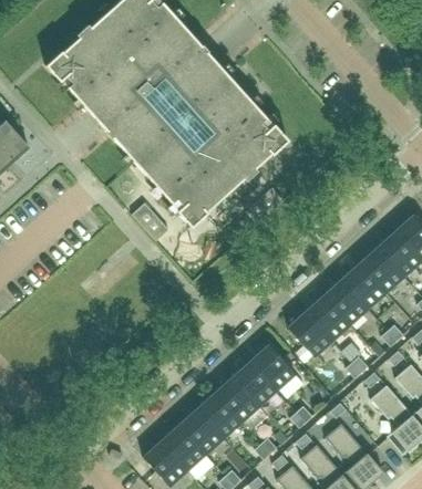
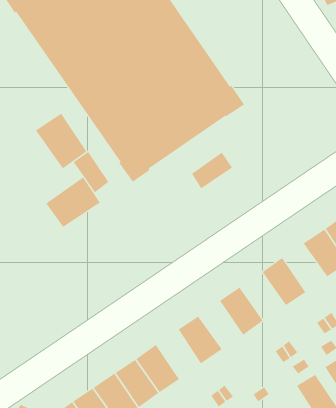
building: none -> [35,113,87,169]
building: none -> [45,177,101,228]
building: [342,263,387,309] -> none
building: [306,295,351,341] -> none
building: [234,360,278,406] -> none

